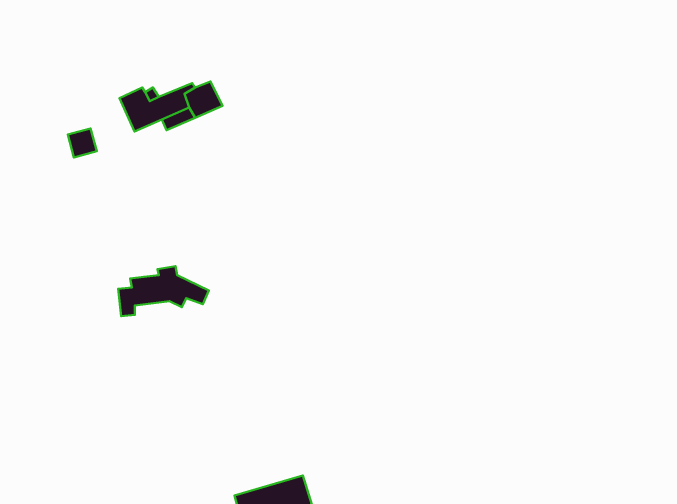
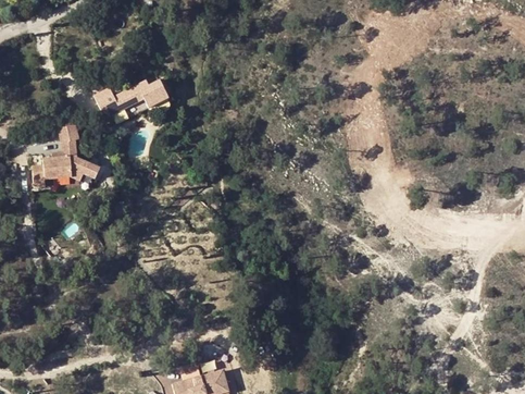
building: [118,266,209,316] -> [33,148,98,184]

